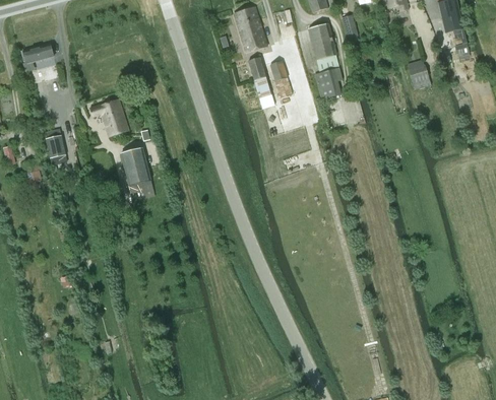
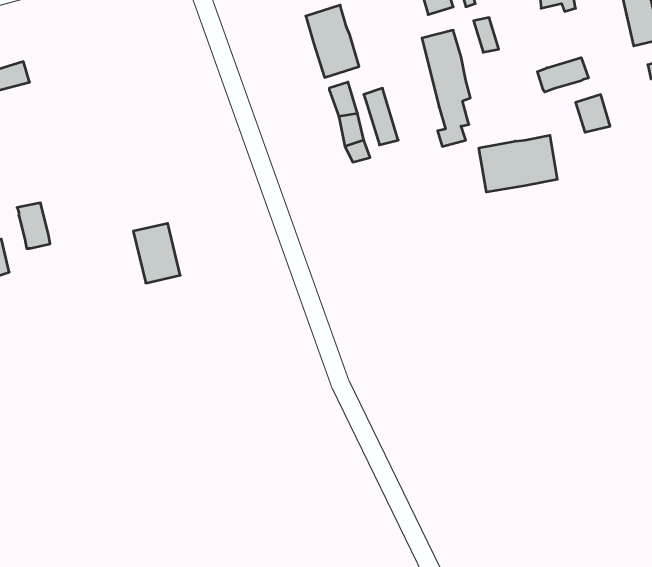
building: none -> [537,58,588,92]
building: none -> [479,135,557,192]
building: [89,98,128,136] -> none

